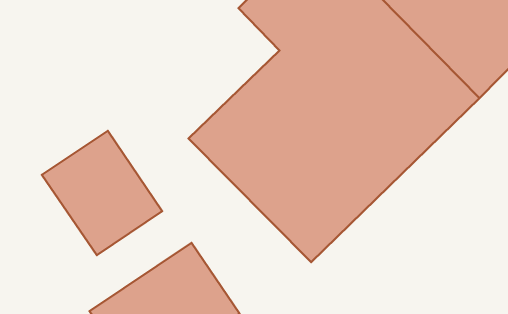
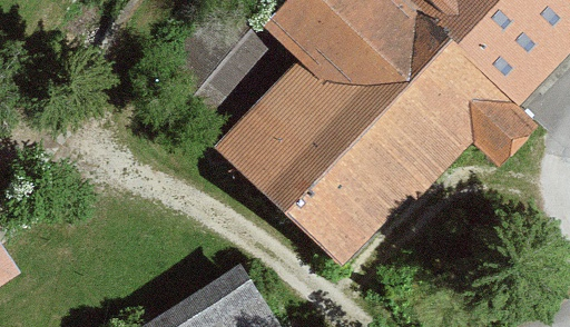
building: [42,131,162,255] -> none

